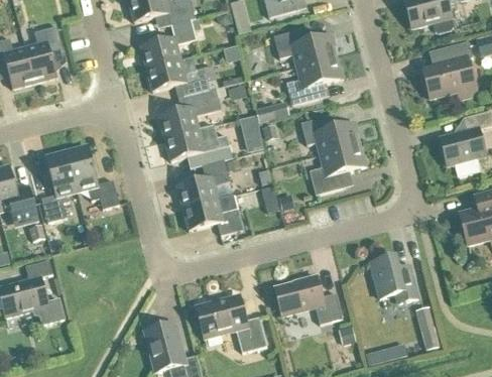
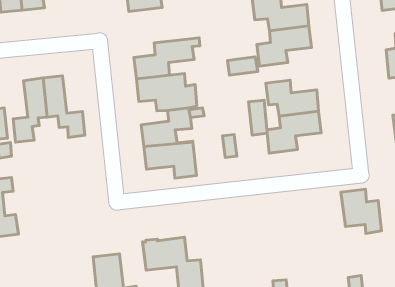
building: [146,55,209,97] -> none
building: [241,109,265,147] -> [248,100,267,135]
building: [369,255,417,301] -> [341,189,381,233]
building: [273,275,342,324] -> none

